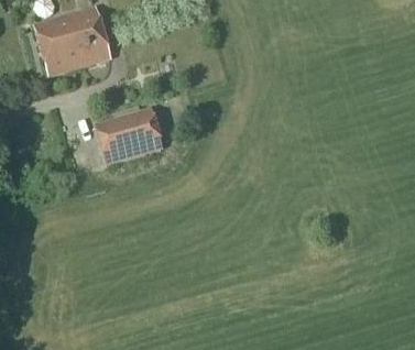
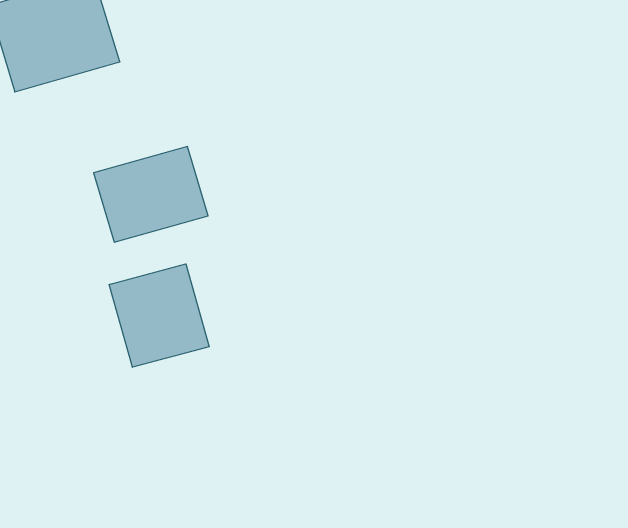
building: none -> [109,264,209,367]

